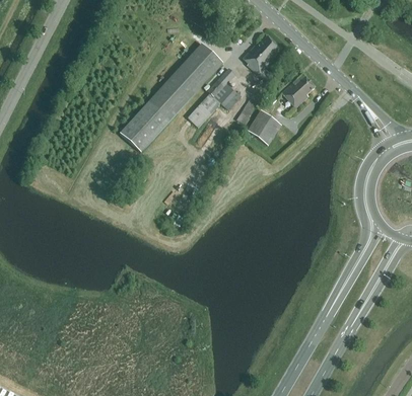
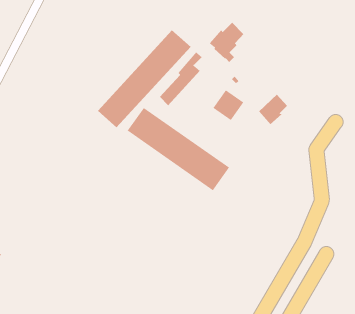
building: [282,73,315,107] -> [258,94,288,125]
building: none -> [127,107,230,191]

